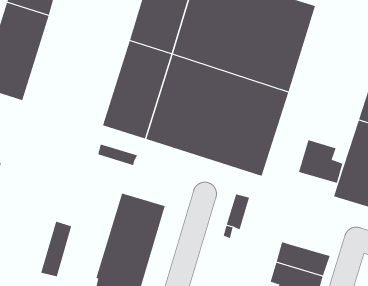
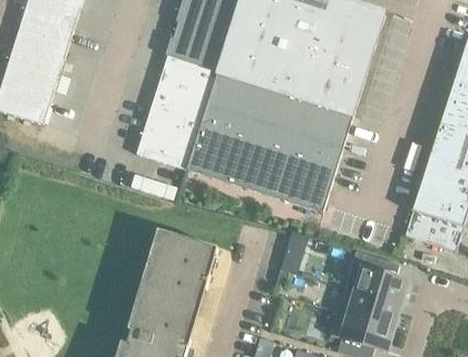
building: [298,140,343,184] -> [355,252,408,304]
building: [40,221,72,277] -> none

